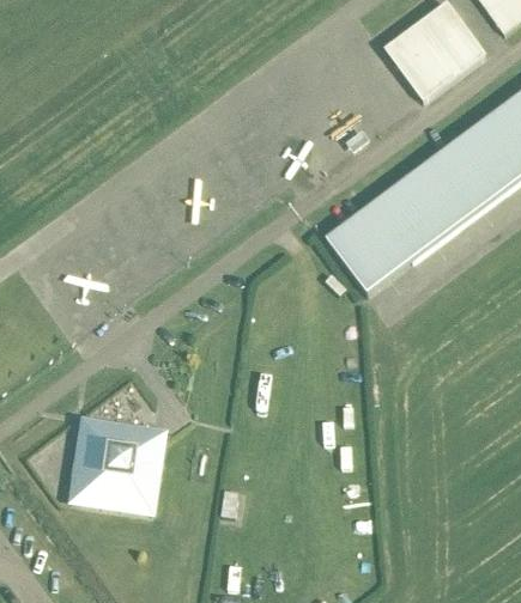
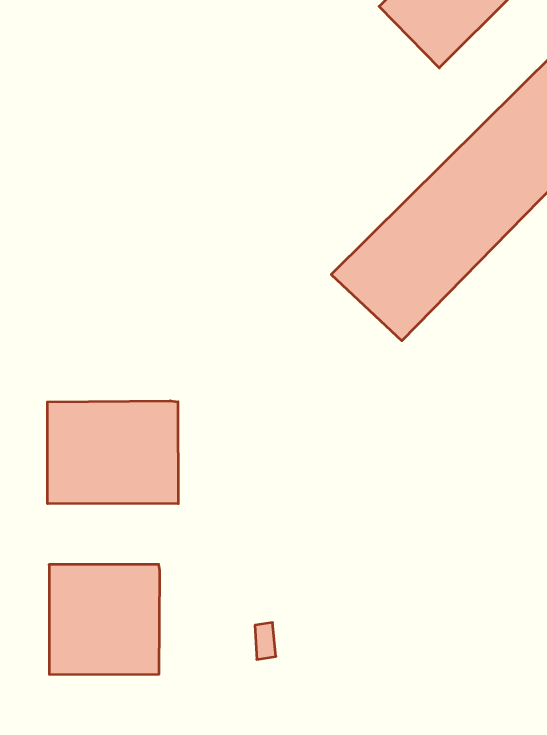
building: none -> [47,401,178,504]

